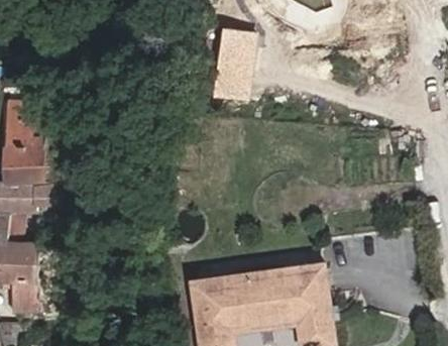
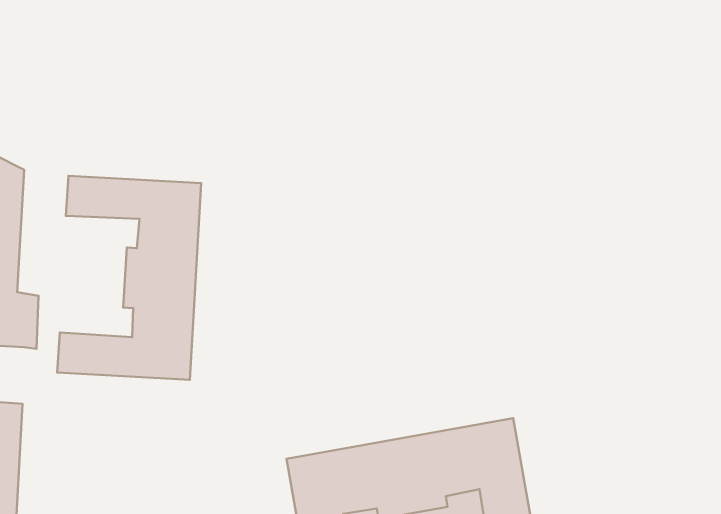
building: [217,27,260,97] -> none
building: none -> [57,176,201,380]

